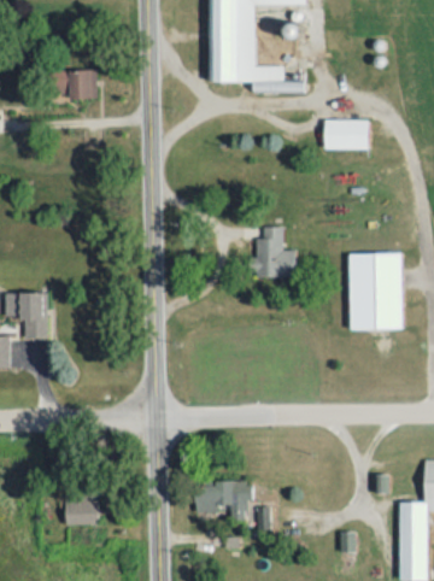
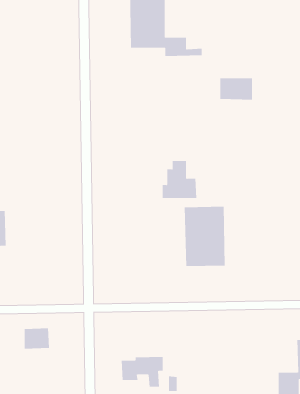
building: [55,71,98,100] -> none
building: [348,253,403,331] -> [184,206,226,267]
building: [66,498,100,526] -> [24,328,50,349]

